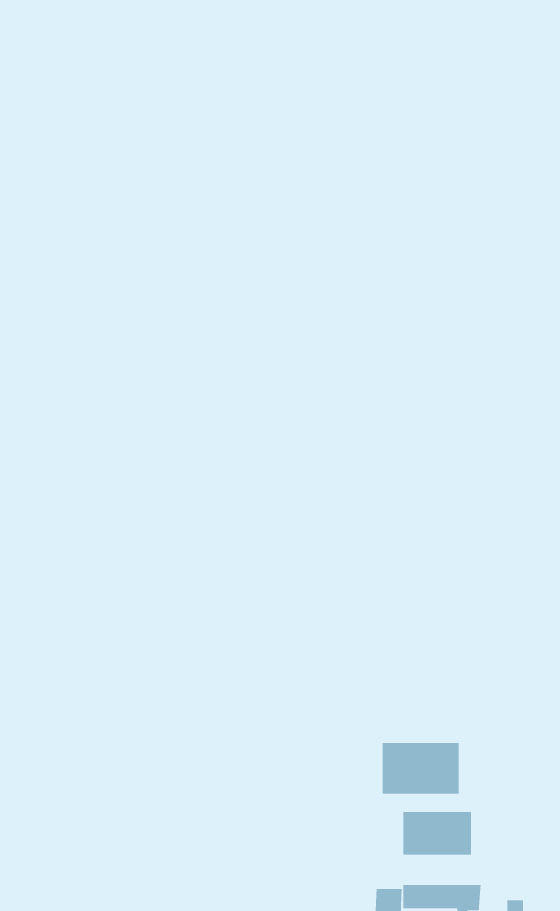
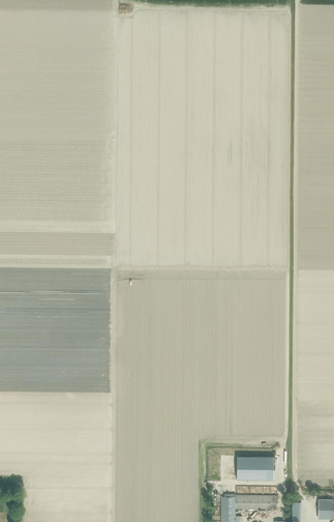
building: [382,742,459,795] -> none

